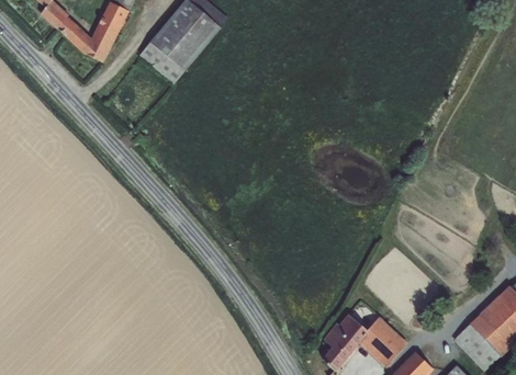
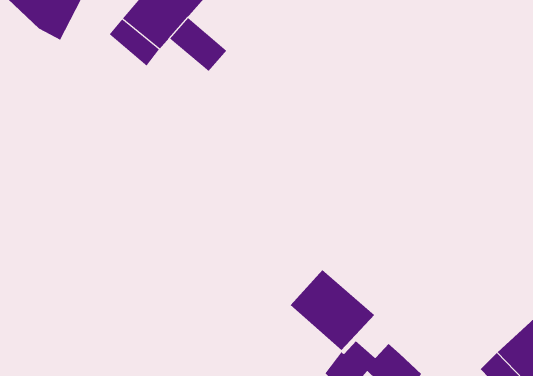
building: none -> [169,17,227,72]
building: none -> [290,269,375,351]

